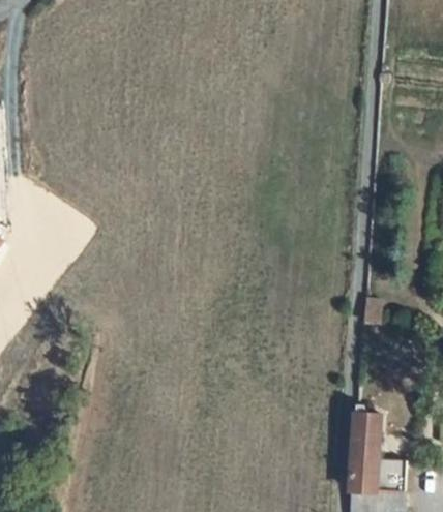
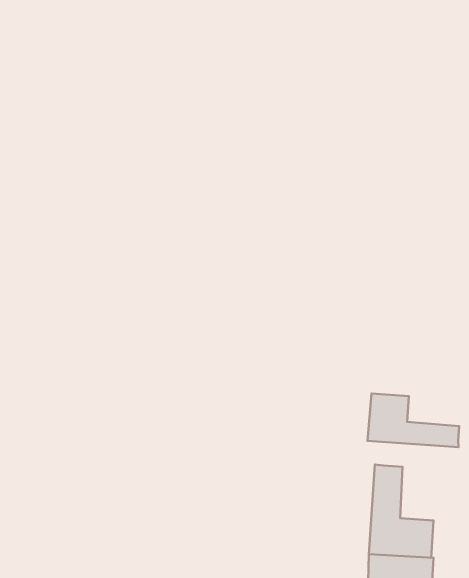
building: none -> [368,394,459,447]

